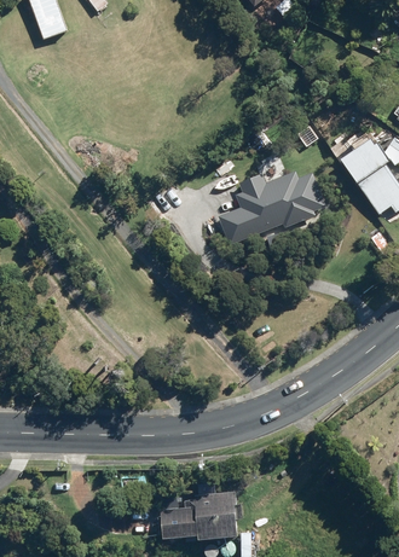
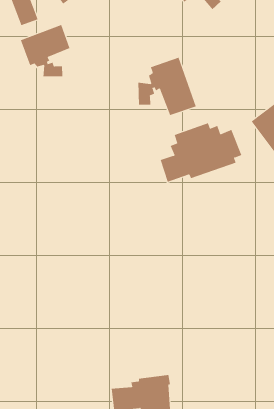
building: none -> [20,24,70,77]
building: none -> [138,57,197,116]

